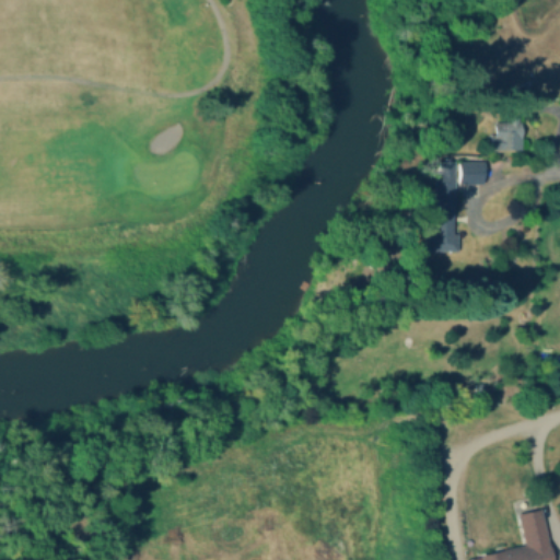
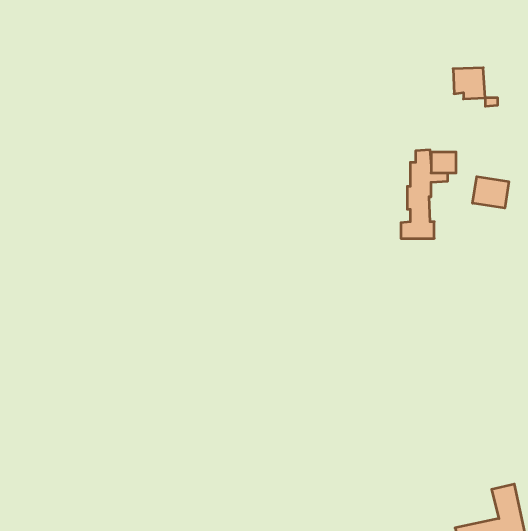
building: [492,122,526,155] -> [453,68,485,99]
building: none -> [473,177,509,208]

